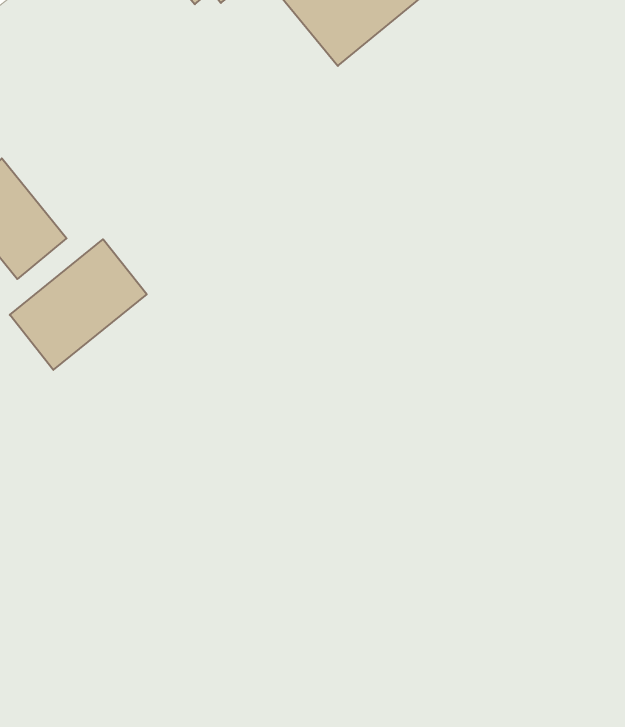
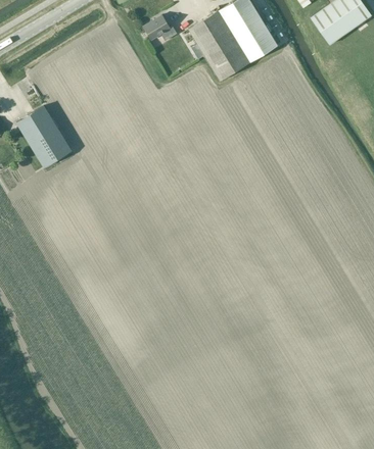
building: [10,239,147,370] -> none

